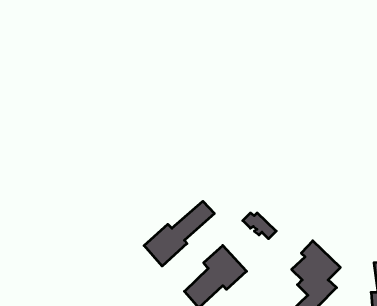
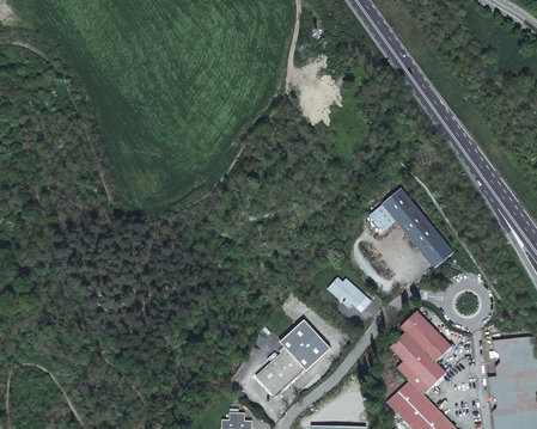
building: none -> [368,189,453,268]
building: [144,201,214,266] -> none

